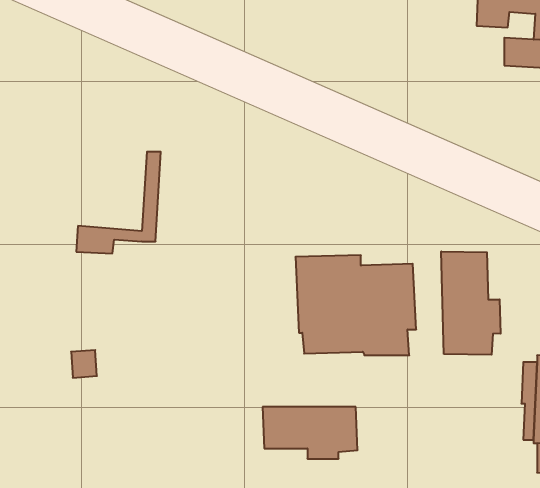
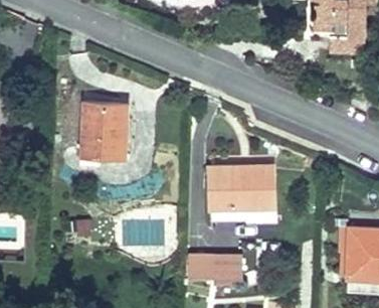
building: none -> [79,102,120,150]
building: [441,251,501,355] -> none

